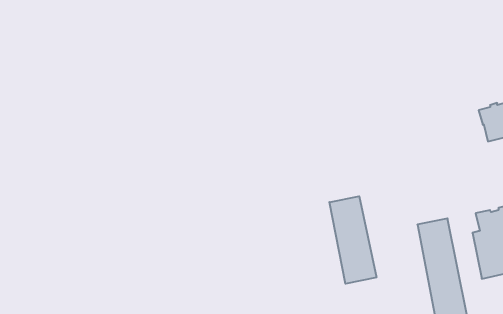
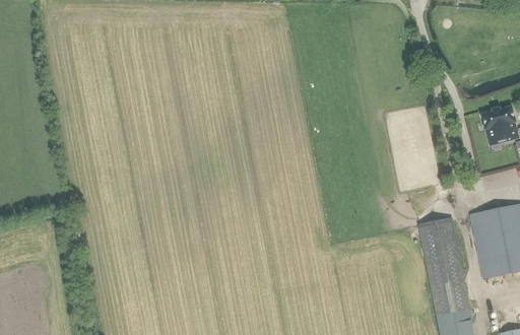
building: [329,196,376,284] -> none

